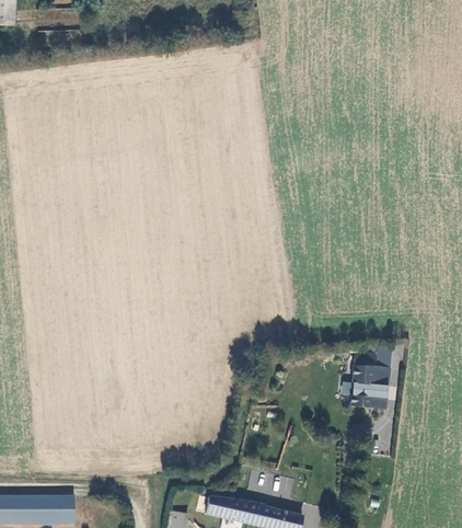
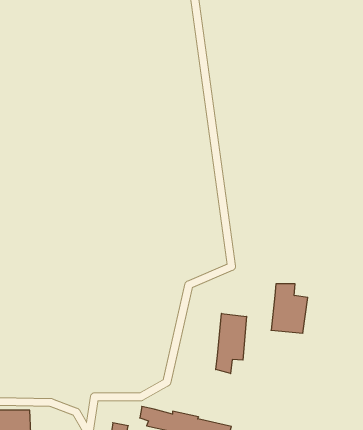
building: none -> [216,313,247,374]

